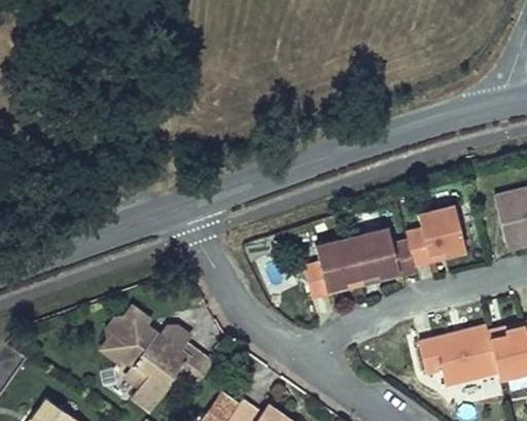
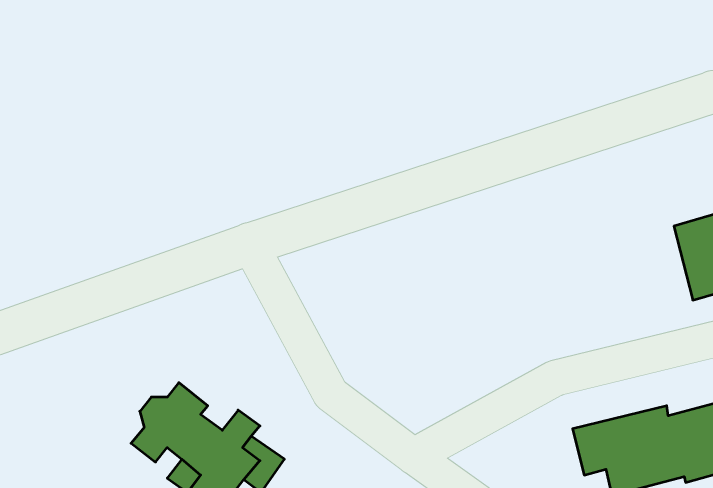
building: [305,203,462,293] -> none

